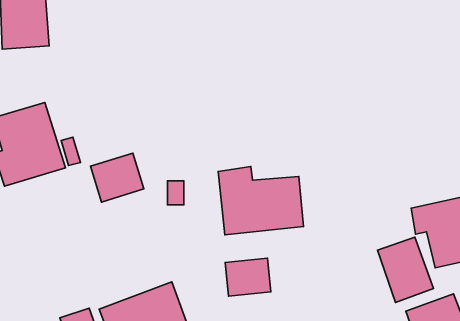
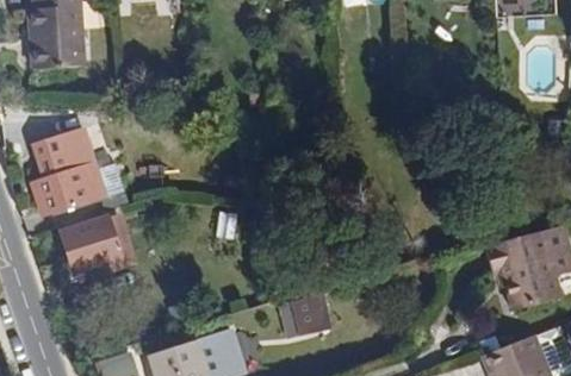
building: [91,153,144,202] -> [60,214,118,268]
building: [218,166,304,235] -> none
building: [378,237,433,302] -> none

